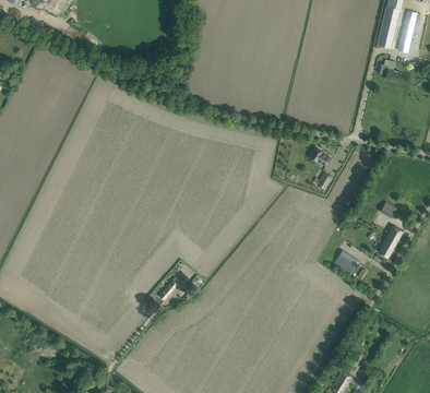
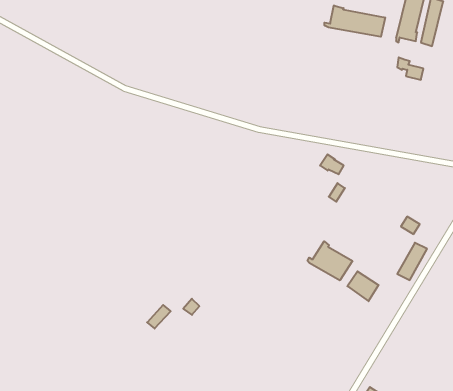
building: none -> [324,5,385,37]
building: none -> [308,241,352,280]

